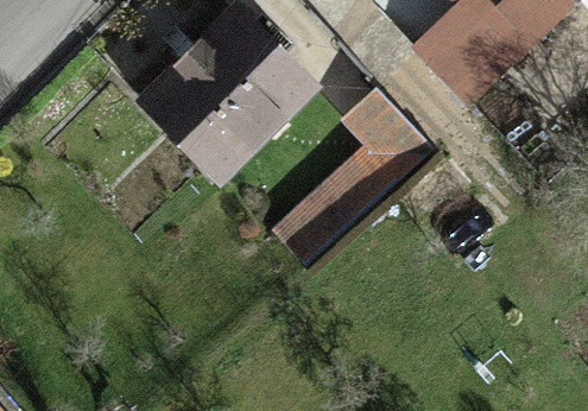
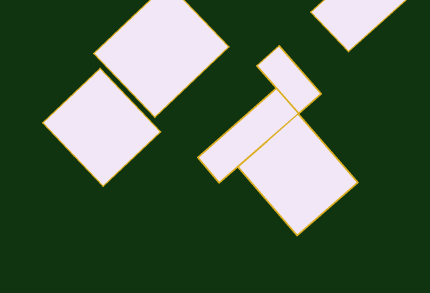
building: none -> [43,69,160,186]
building: none -> [238,114,358,236]

